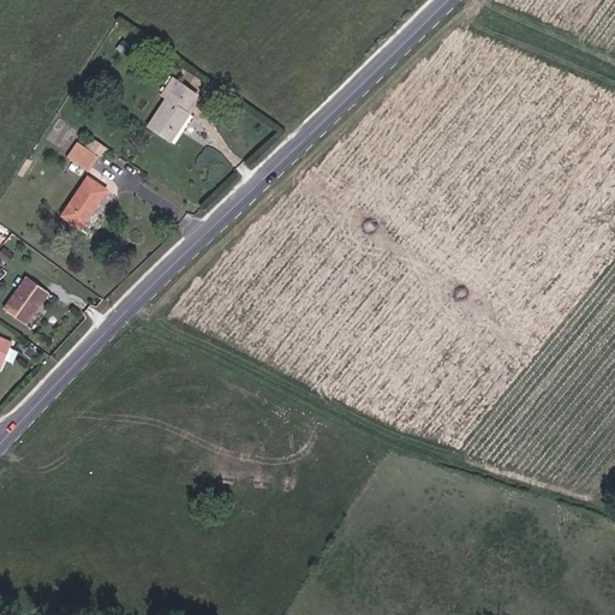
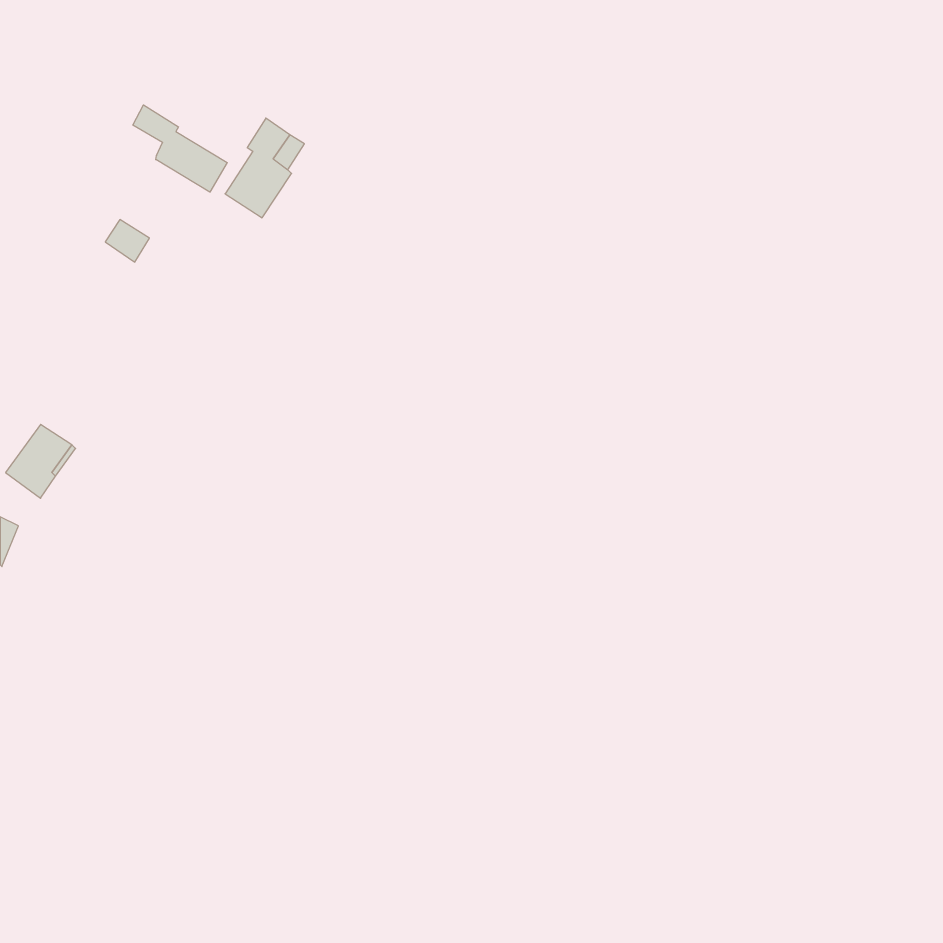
building: none -> [133,105,227,192]
building: [61,177,107,228] -> none

